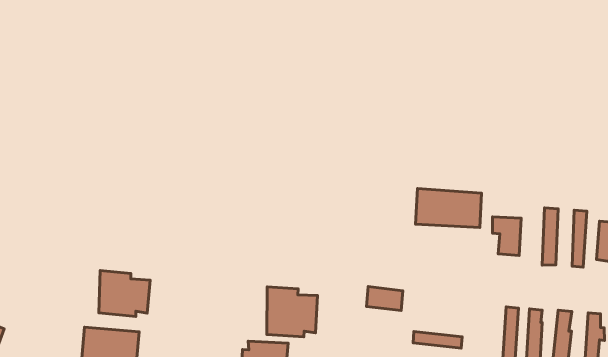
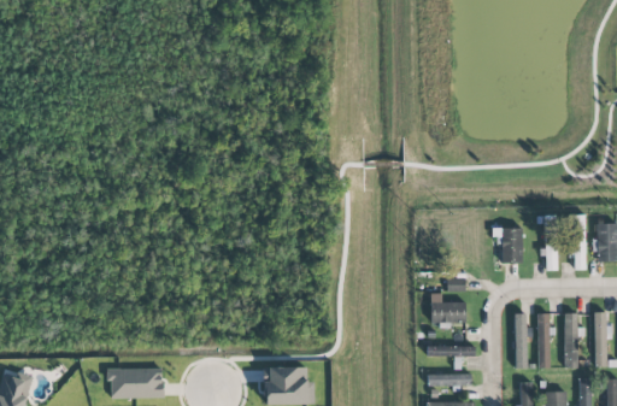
building: [416,189,482,228] -> none
building: [99,271,150,316] -> none
building: [366,287,403,311] -> [431,302,465,323]
building: [267,287,317,337] -> none

